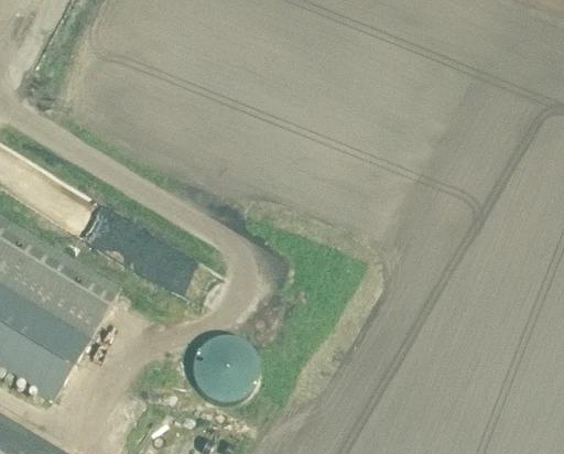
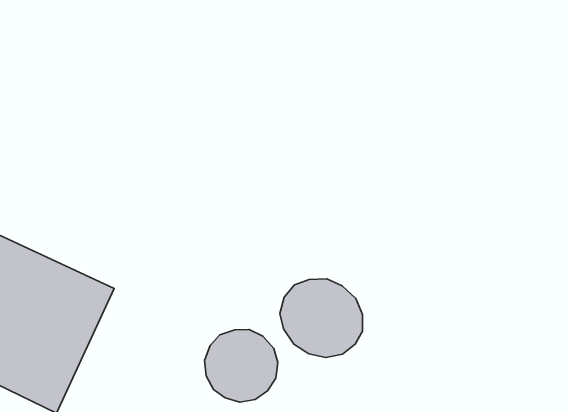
building: none -> [280,279,363,357]

